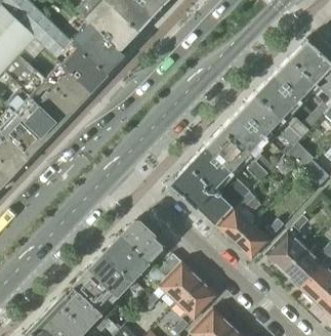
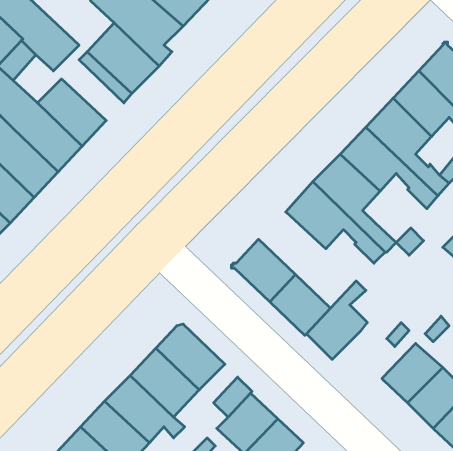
building: [60,51,100,90] -> none
building: [187,149,250,210] -> none
building: [234,225,267,258] -> none

